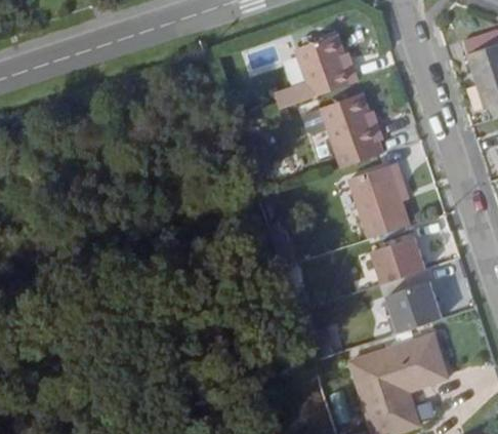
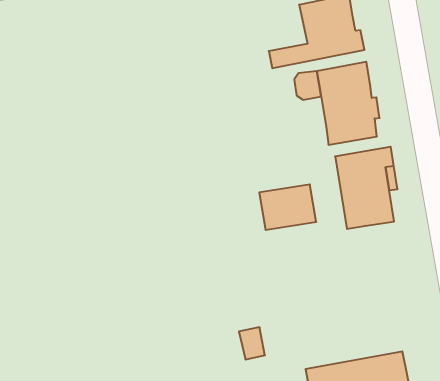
building: [376,237,429,282] -> [259,184,316,230]
building: [388,281,446,333] -> none

